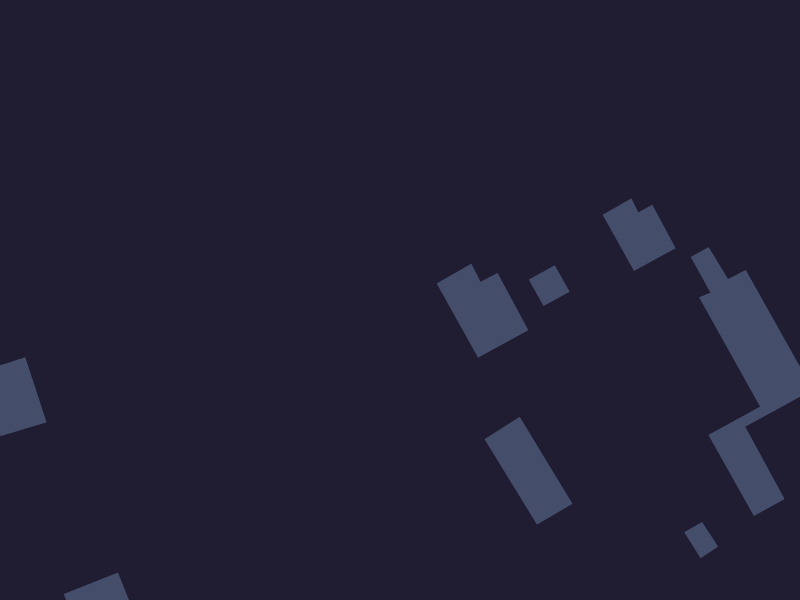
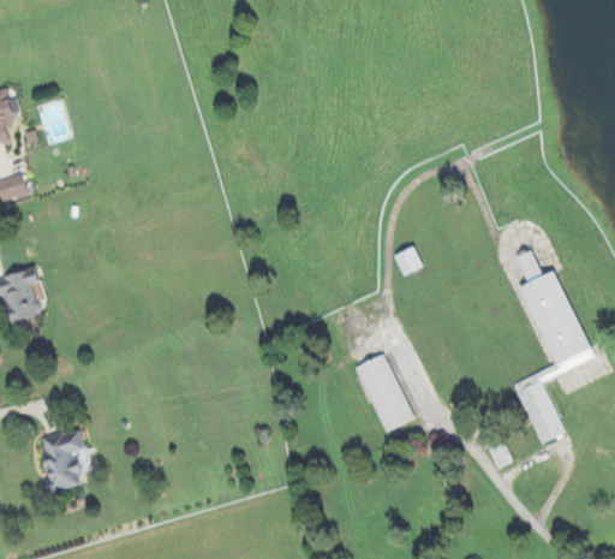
building: [602,198,677,272] -> none
building: [436,263,529,358] -> none

